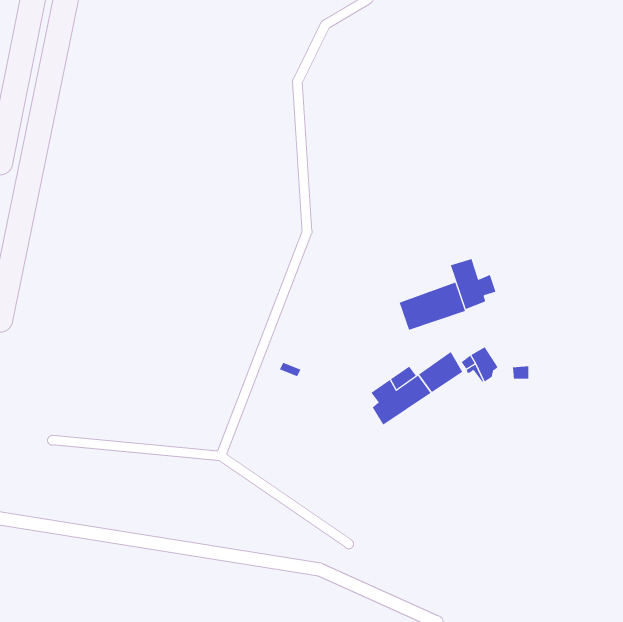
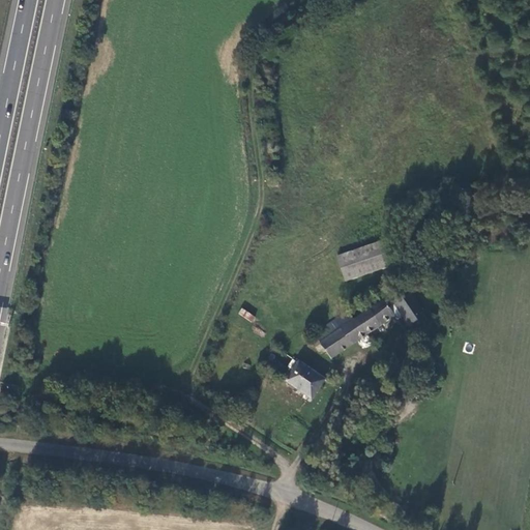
building: [450,258,496,310] -> none
building: none -> [286,362,325,399]

